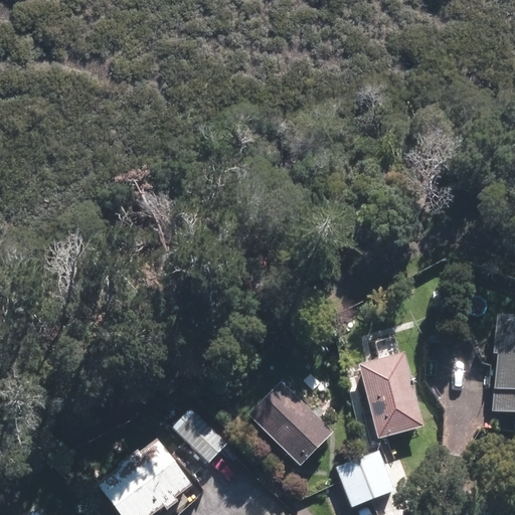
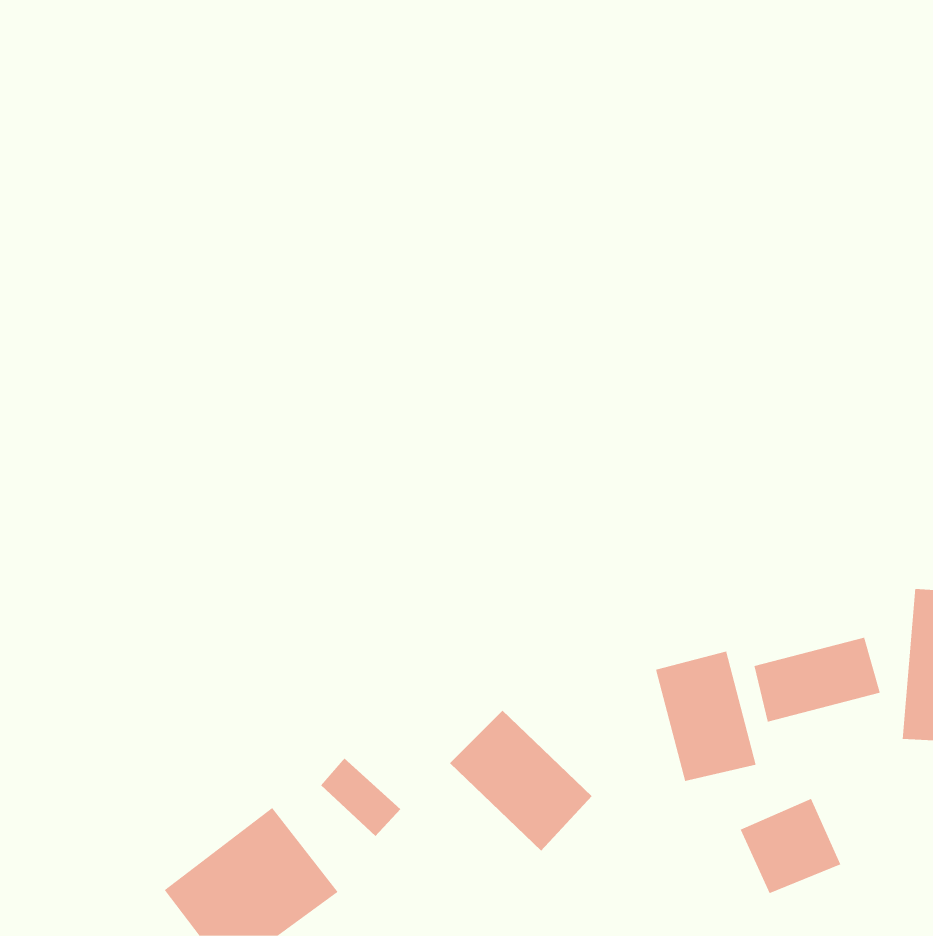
building: none -> [754,637,880,722]
building: [339,450,394,502] -> [740,798,841,894]

